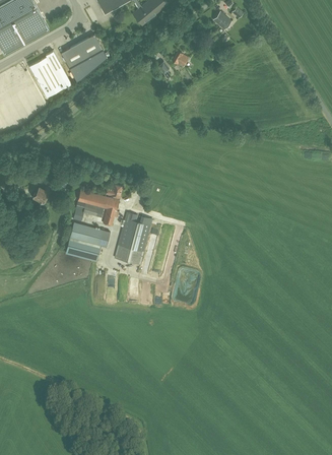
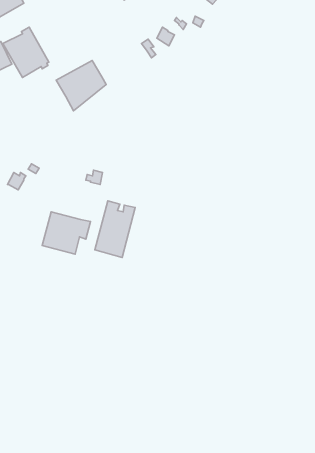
building: [60,35,107,81] -> [56,60,106,111]
building: [75,187,119,225] -> none

